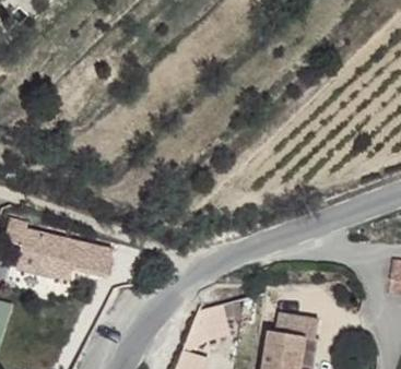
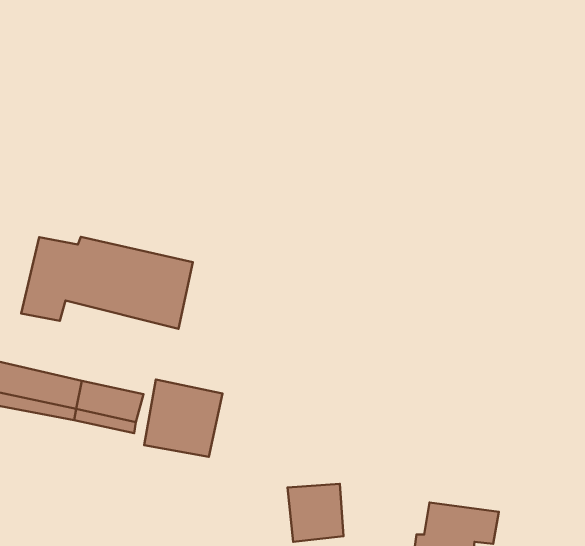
building: none -> [21,237,193,329]
building: none -> [144,379,223,457]

